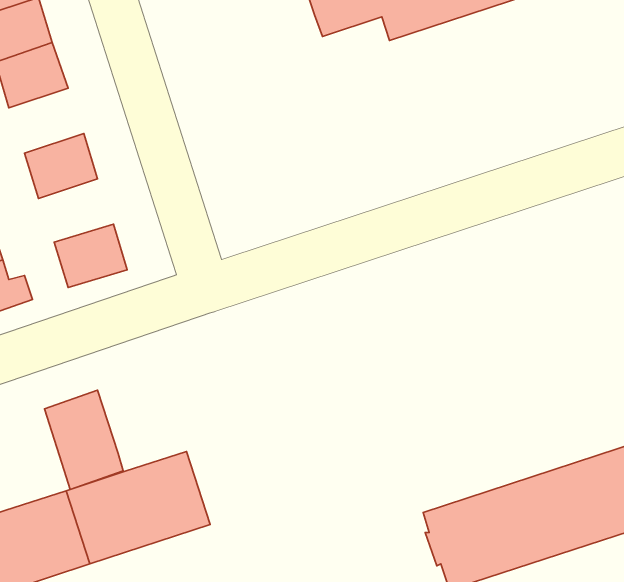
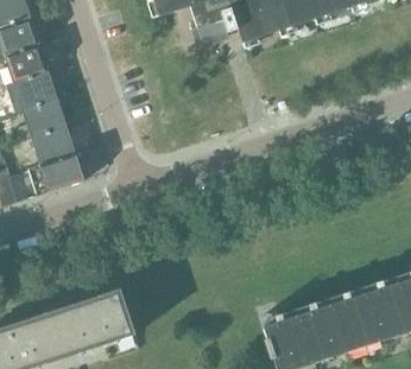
building: none -> [13,70,58,109]
building: none -> [31,125,76,163]
building: [45,390,123,490] -> none

